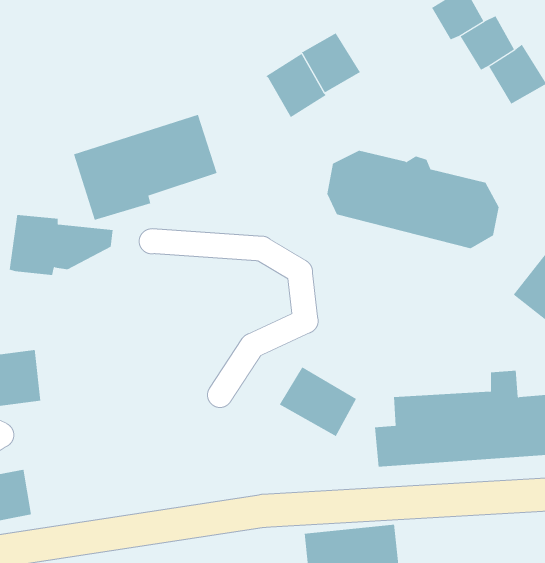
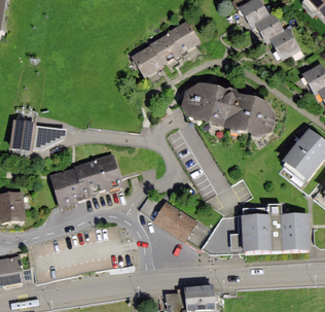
building: none -> [131,44,162,78]
building: [73,114,218,221] -> [46,151,124,209]

